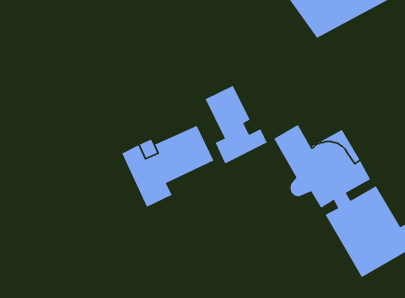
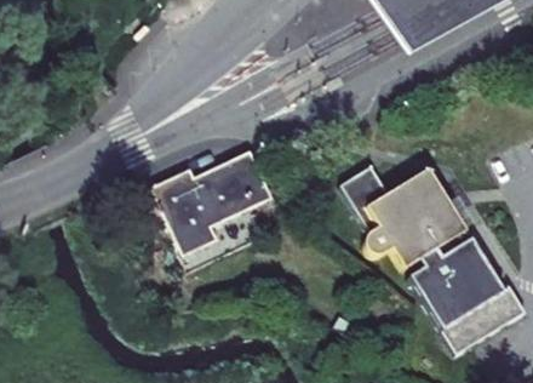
building: [204,85,268,164] -> none

